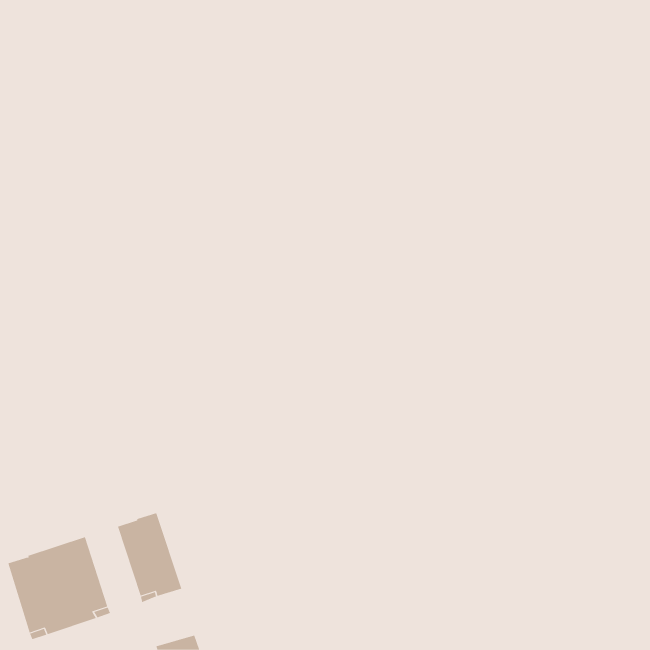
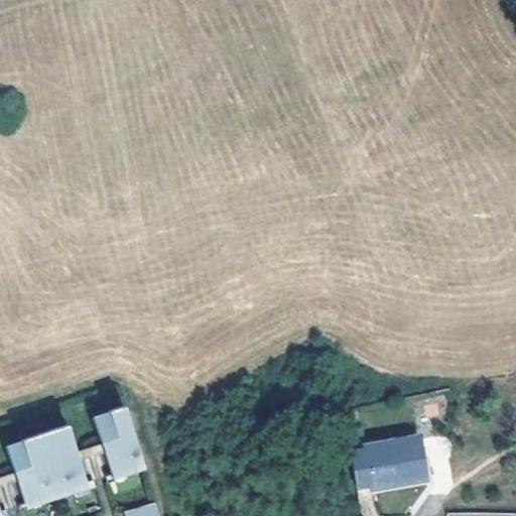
building: none -> [352,440,426,494]

